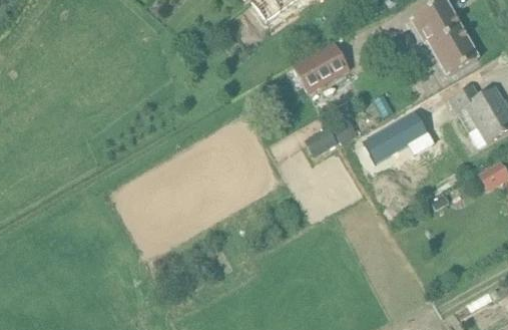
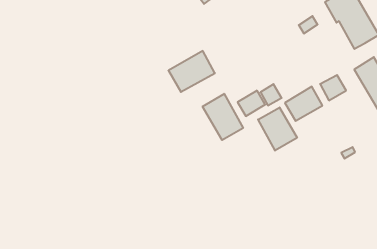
building: [294,42,351,92] -> [168,51,215,92]
building: none -> [203,94,243,140]
building: none -> [258,107,297,151]

